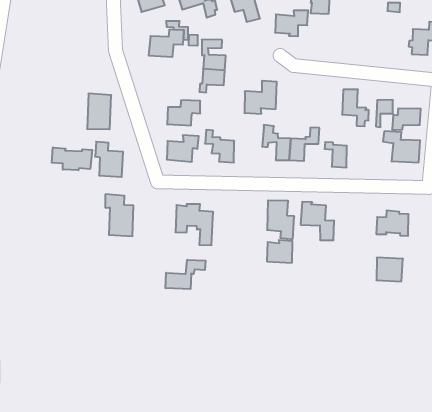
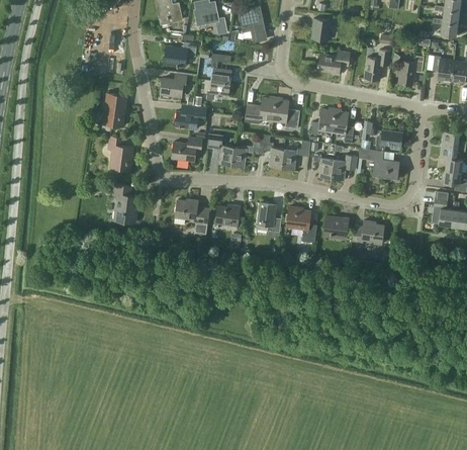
building: [275,10,308,36] -> [318,52,350,75]
building: none -> [364,51,390,81]
building: none -> [160,75,187,98]
building: none -> [273,97,299,128]
building: none -> [311,107,335,134]
building: none -> [231,136,261,168]
building: none -> [332,155,357,180]
building: [52,147,92,170] -> none
building: [267,240,292,263] -> [215,204,240,226]
building: [376,258,403,281] -> [323,215,349,239]
building: [166,260,206,289] -> none

